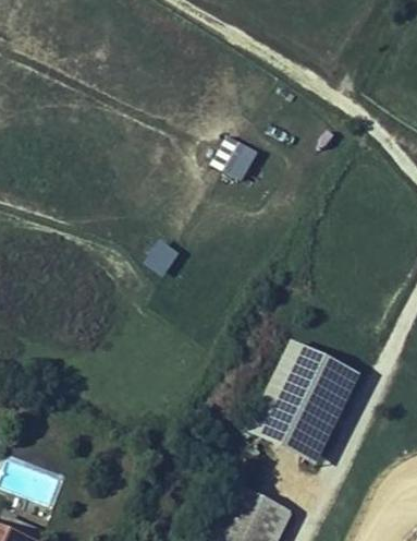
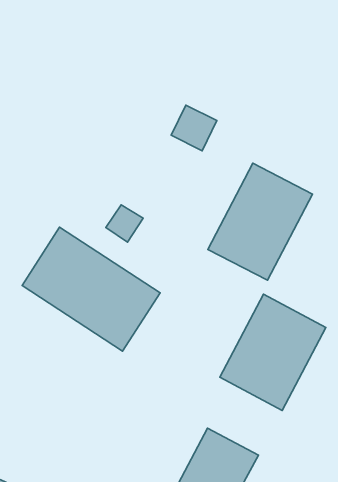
building: none -> [208,163,313,280]
building: none -> [22,227,160,351]

